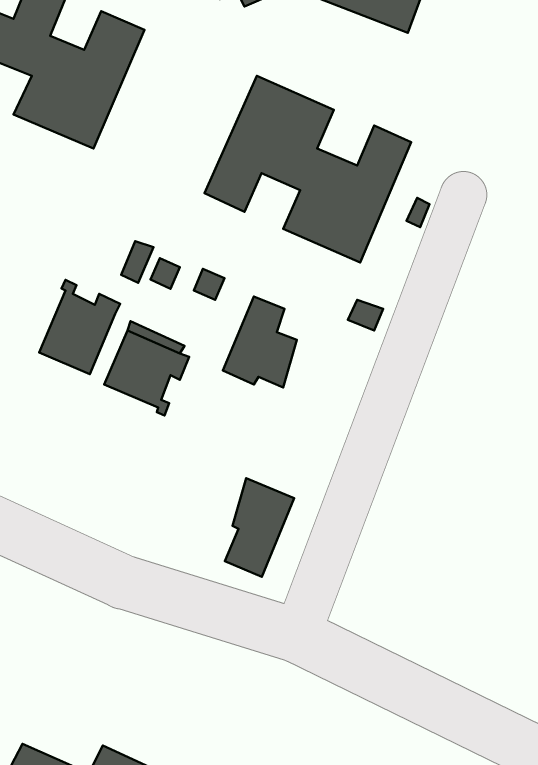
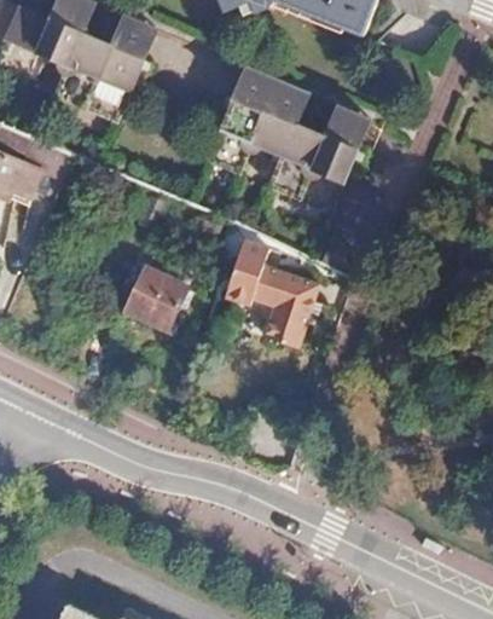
building: [39,280,120,374] -> none
building: [225,478,294,577] -> [261,272,315,349]

